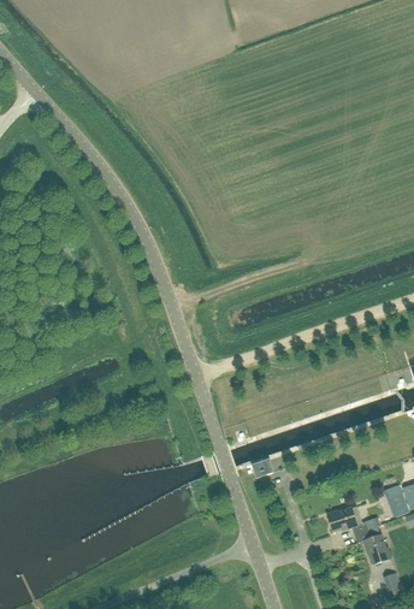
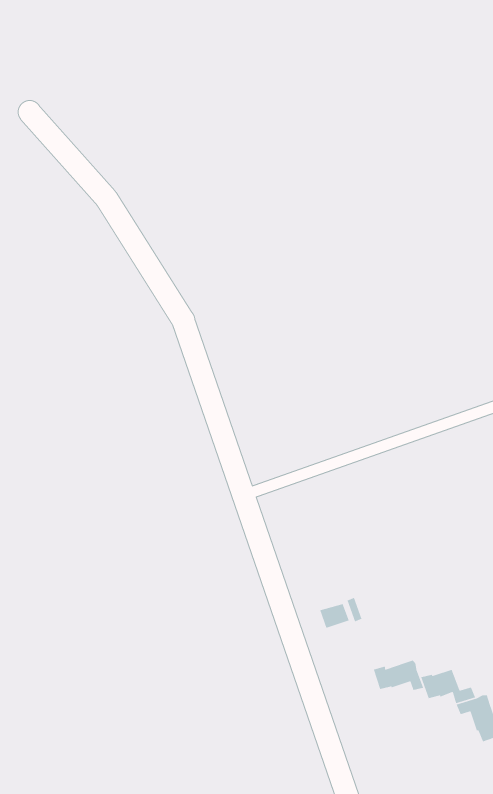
building: none -> [373,660,424,691]

